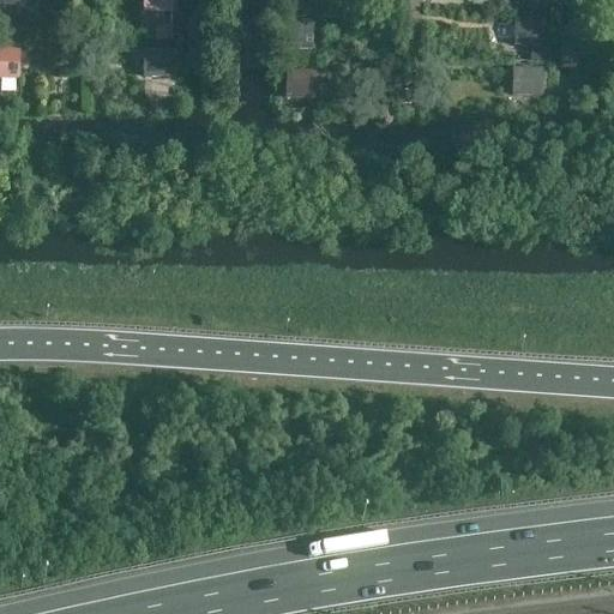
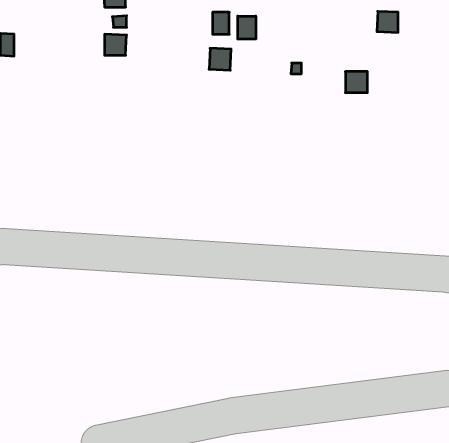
building: none -> [238,16,256,39]
building: [512,66,542,95] -> [345,72,367,93]

